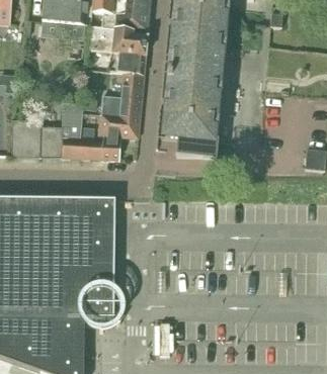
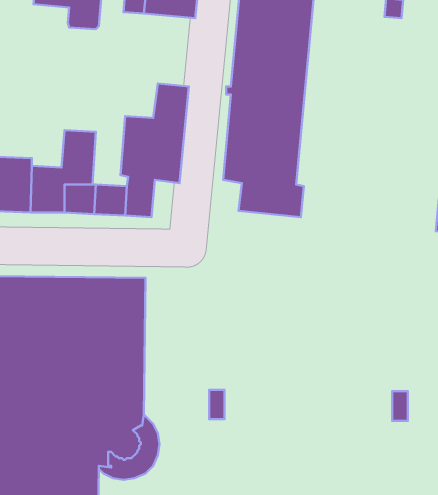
building: [86,24,147,74] -> none

